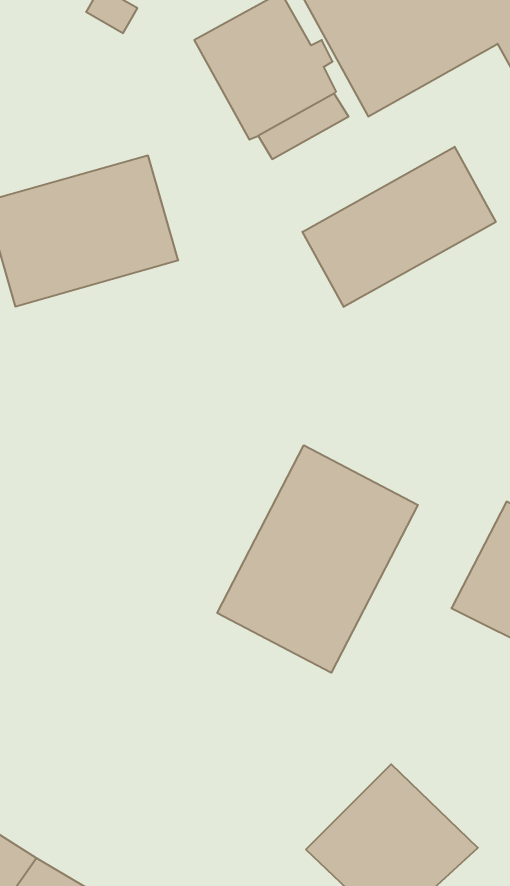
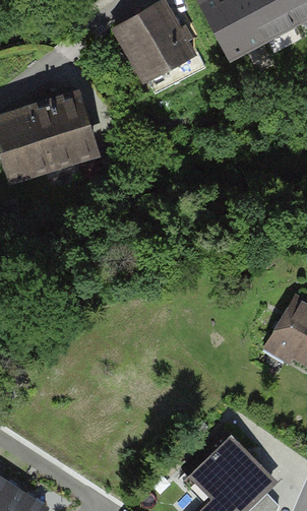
building: [302,147,496,307] -> none
building: [217,445,418,673] -> none

